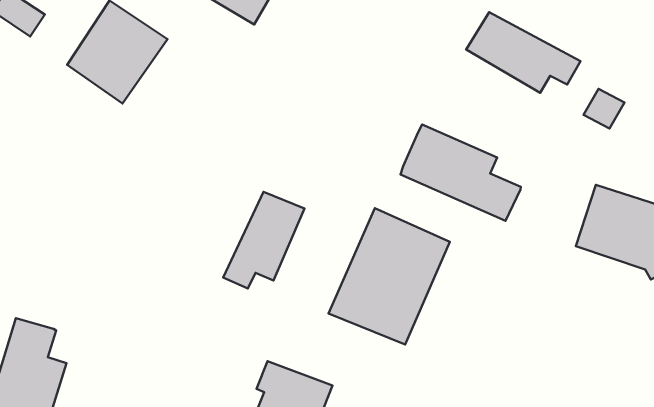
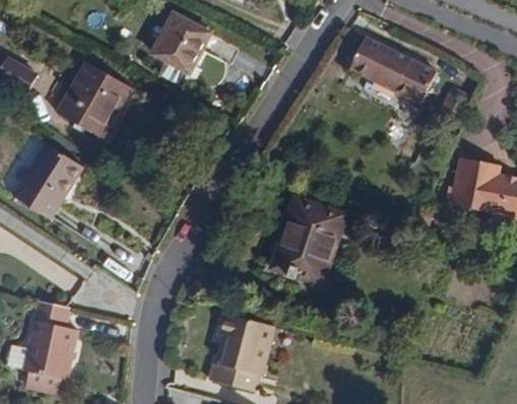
building: none -> [21,139,79,214]
building: [400,125,521,221] -> none
building: [223,192,304,288] -> none

